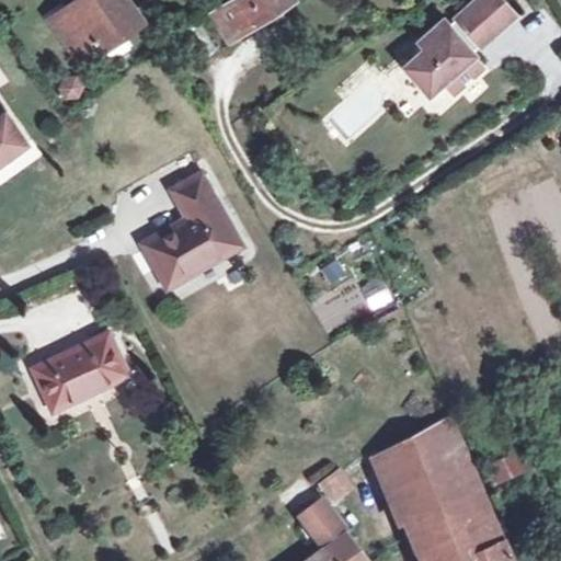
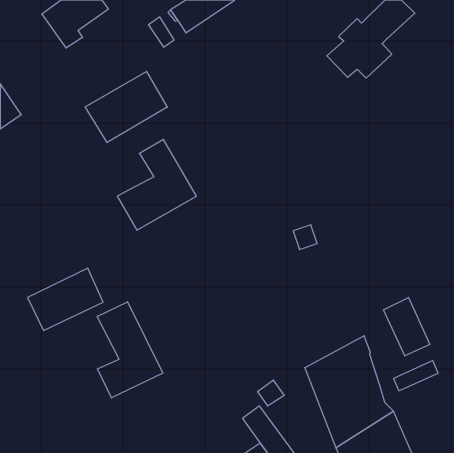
building: none -> [85,71,167,143]
building: none -> [383,297,430,356]
building: none -> [97,302,163,398]

